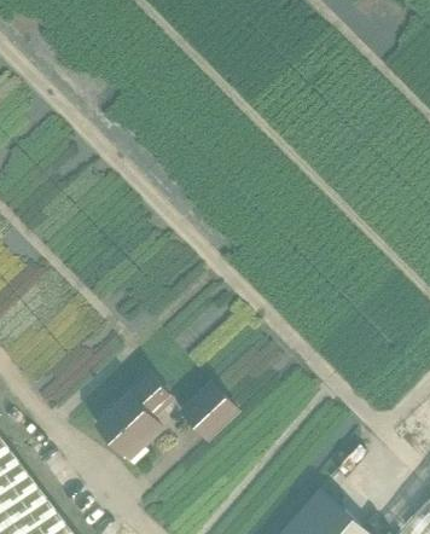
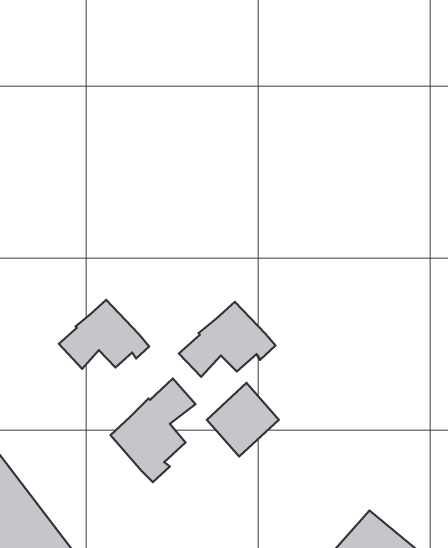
building: none -> [59,300,149,369]
building: none -> [179,302,275,377]

